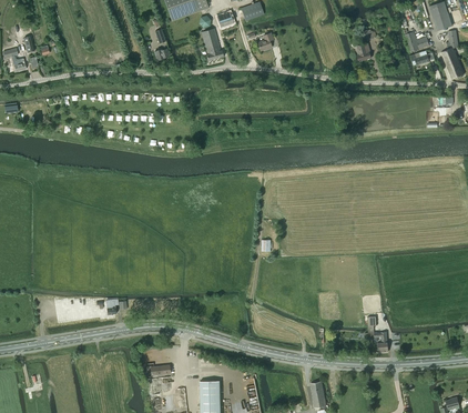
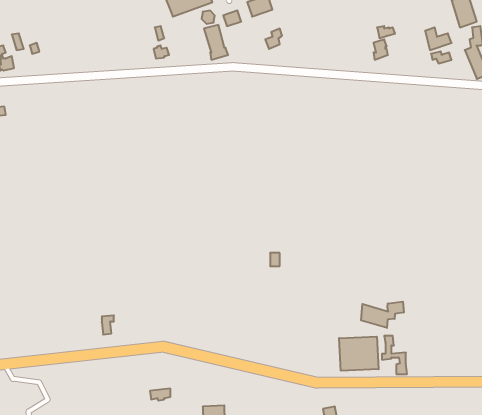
building: none -> [361,302,404,328]
building: none -> [339,337,379,371]

